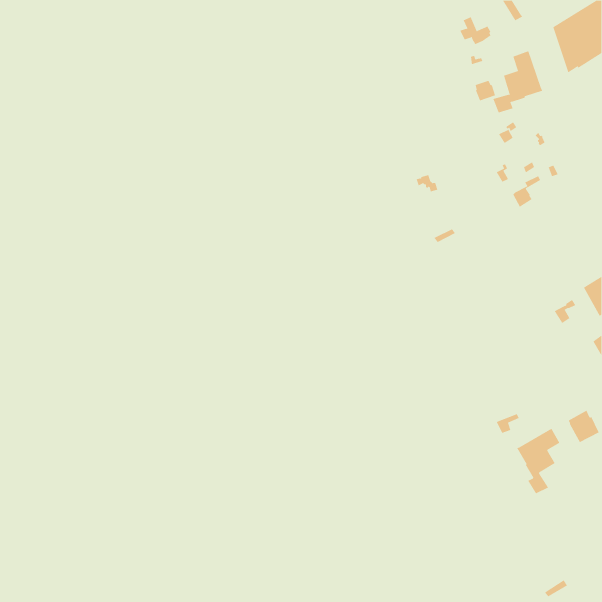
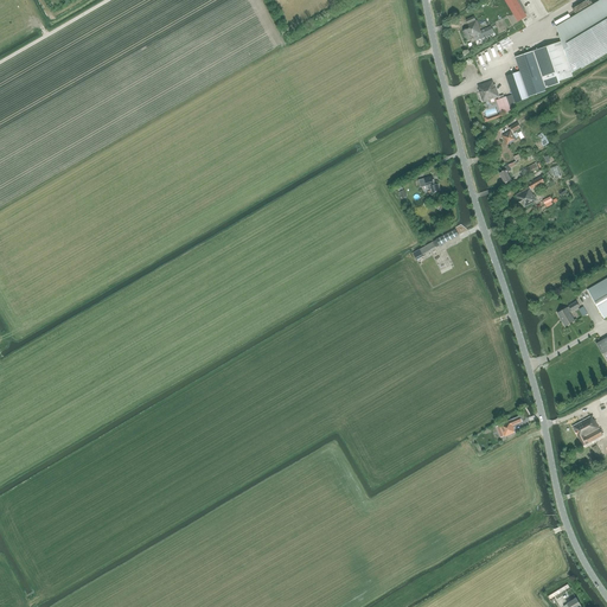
building: none -> [532,41,573,89]
building: [516,428,560,494] -> none

